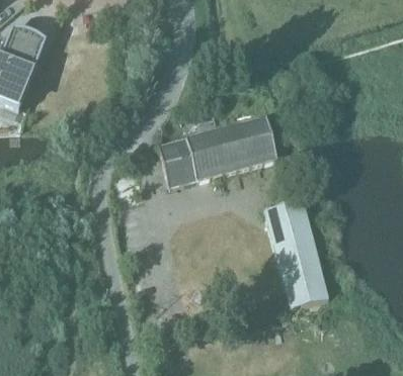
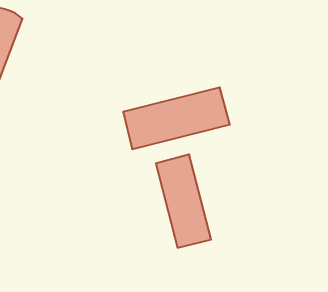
building: [265,200,327,304] -> [156,154,211,248]

